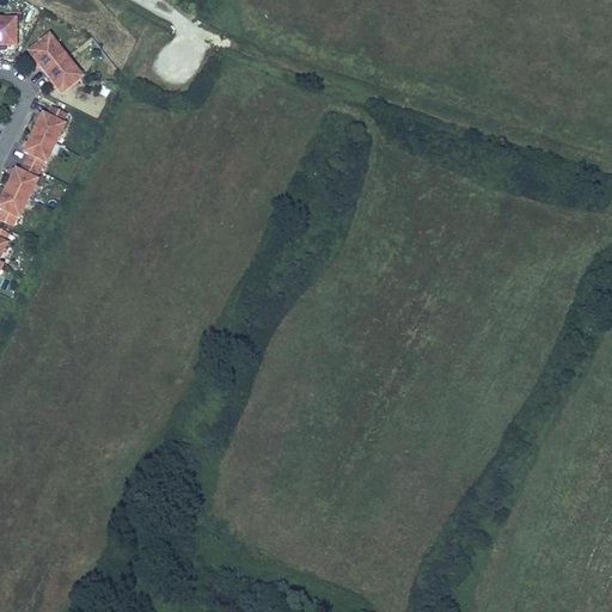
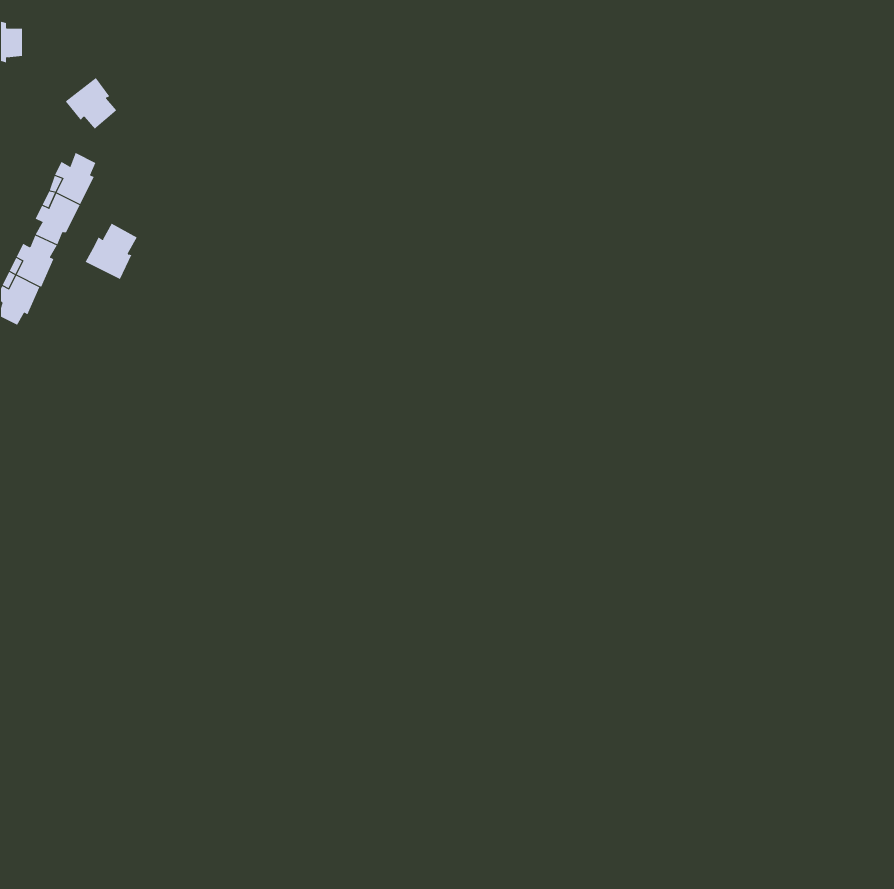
building: [31,33,66,69] -> none
building: none -> [85,223,137,280]

